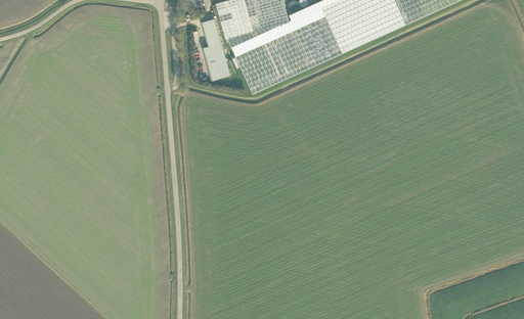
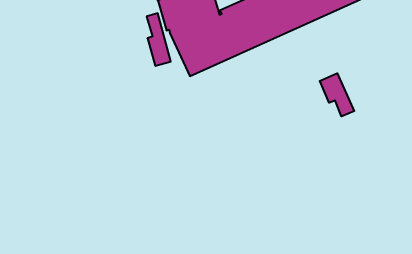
building: none -> [320,73,354,116]

